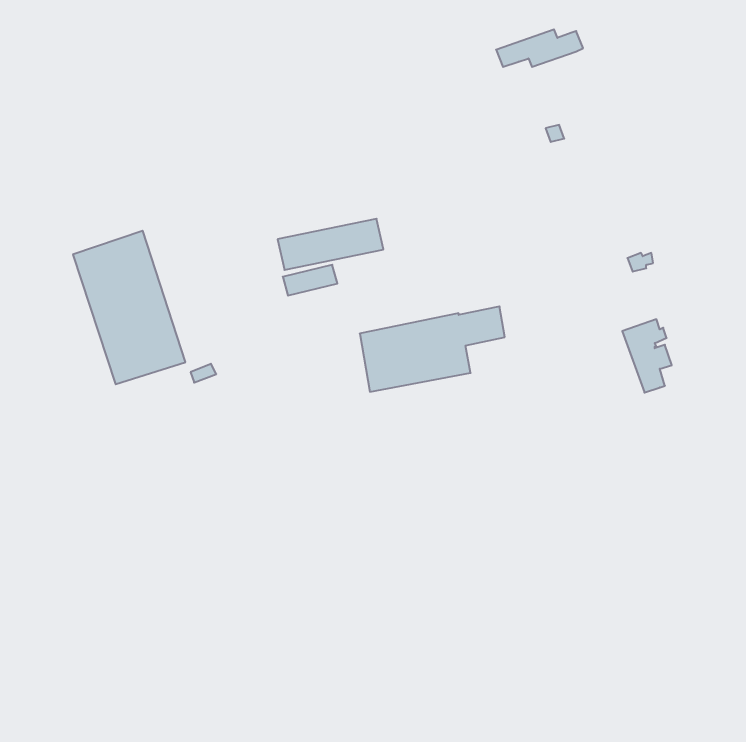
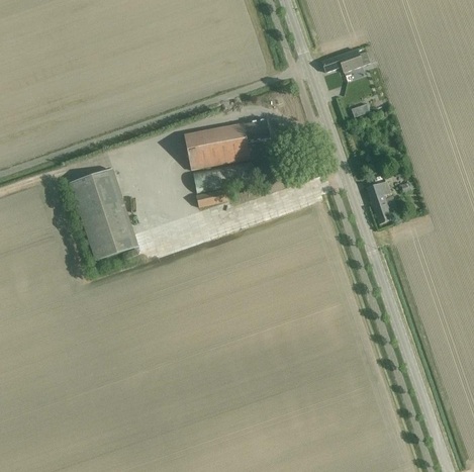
building: [360,306,505,392] -> [184,118,270,169]
building: [622,319,672,393] -> [366,180,395,223]

